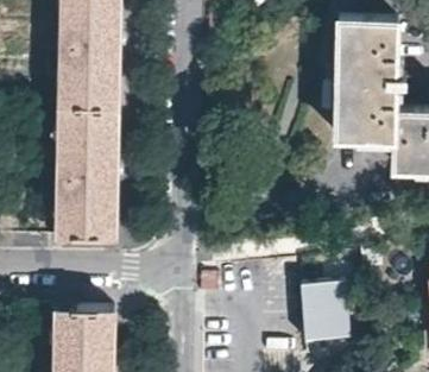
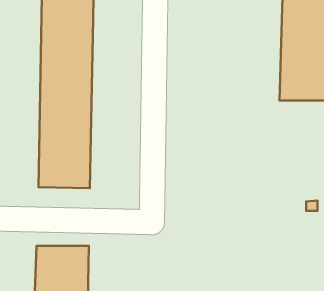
building: [303,285,351,345] -> none

